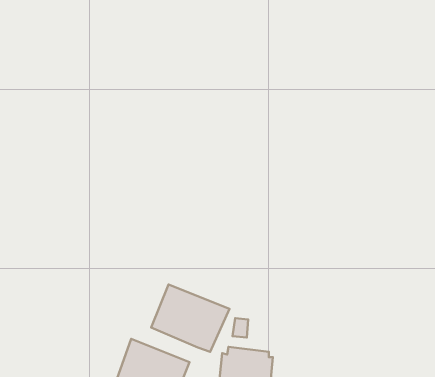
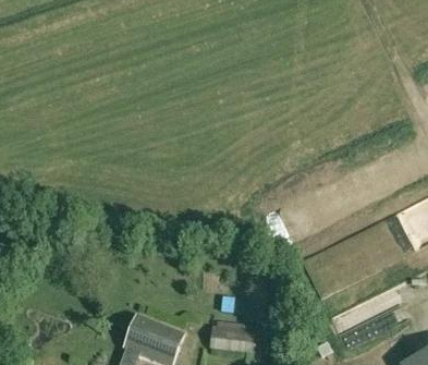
building: [151,284,229,352] -> none

